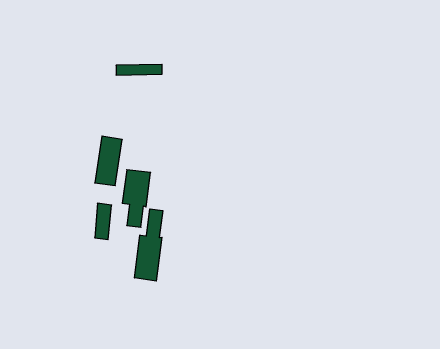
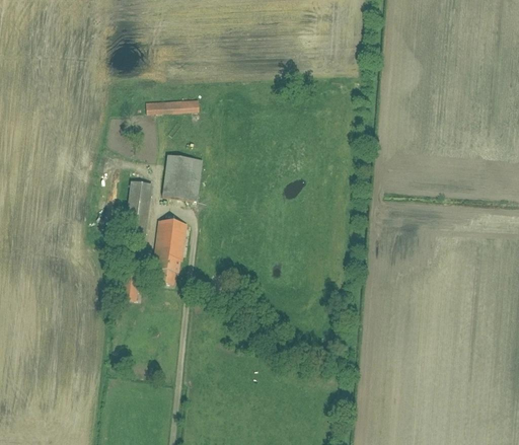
building: none -> [163,155,204,199]
building: [135,209,163,281] -> none

